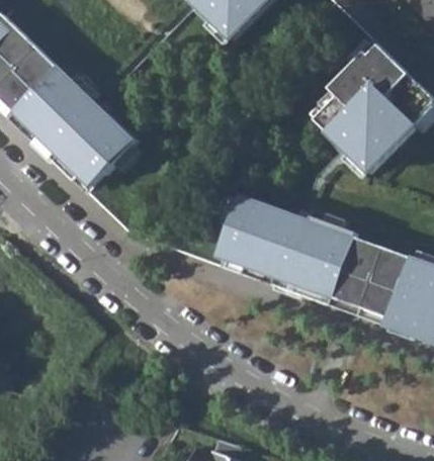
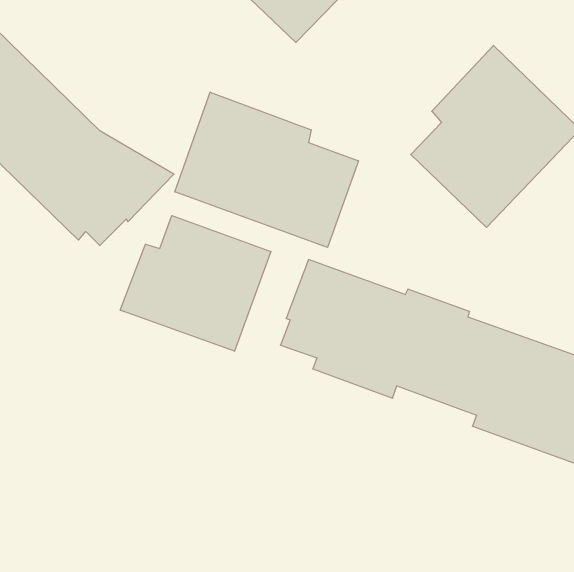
building: none -> [175,92,358,247]
building: none -> [120,216,271,351]

